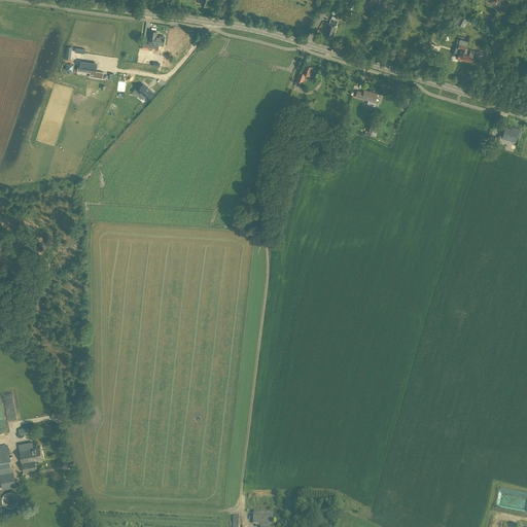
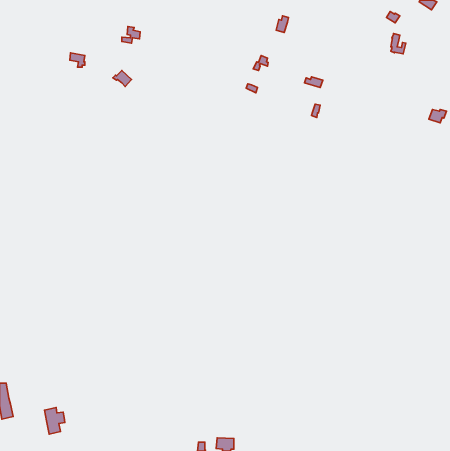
building: [17,442,41,472] -> [45,408,65,434]

